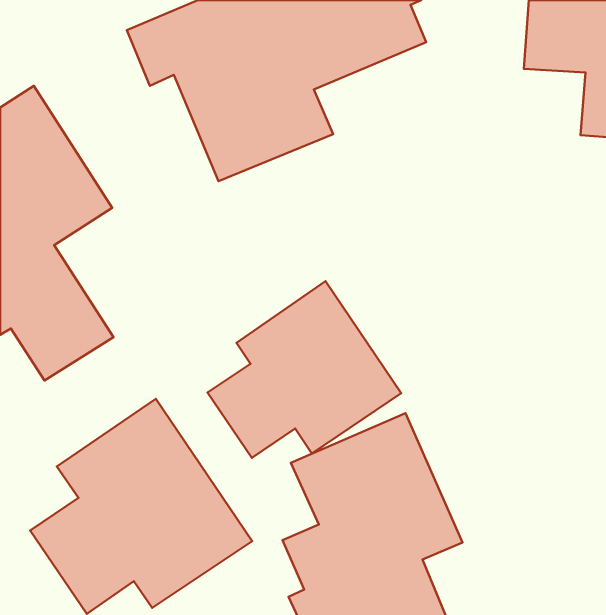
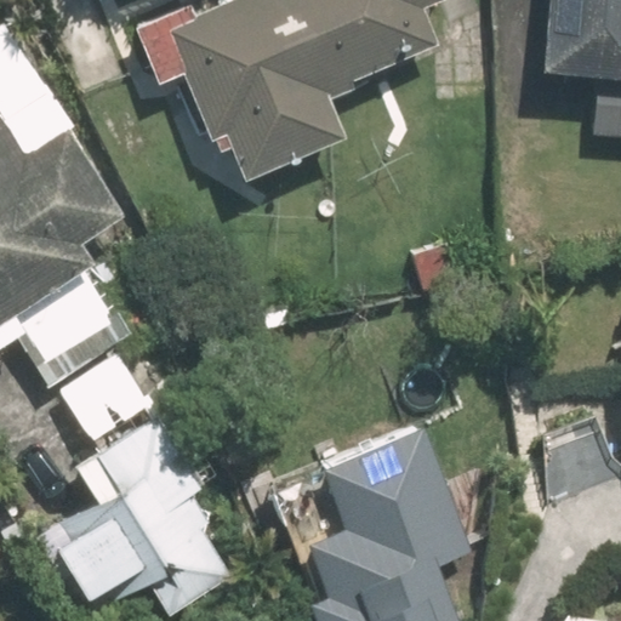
building: [208,281,401,458] -> none

